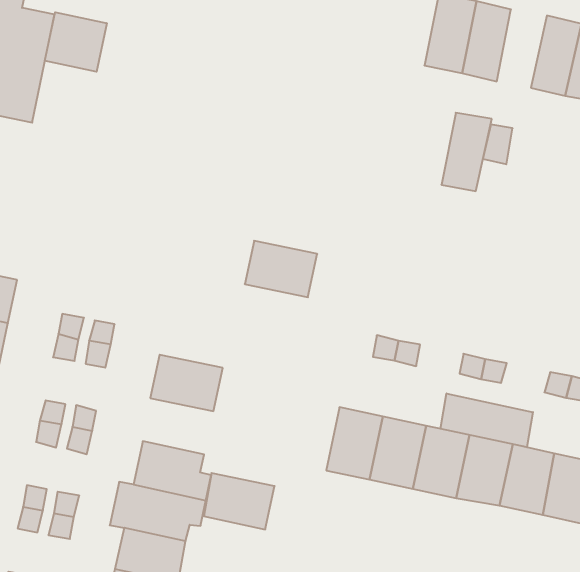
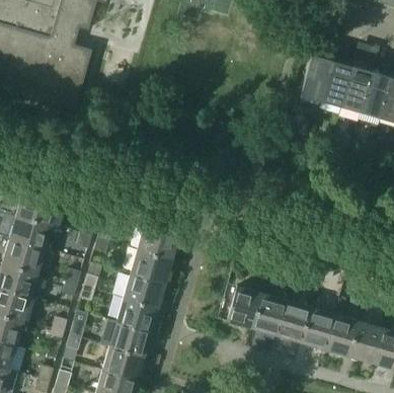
building: [45,12,107,72] -> none
building: [441,113,492,191] -> [340,66,372,111]
building: [245,241,317,297] -> [137,224,179,258]
building: [441,393,533,447] -> none
building: [204,473,275,529] -> [124,272,165,307]

